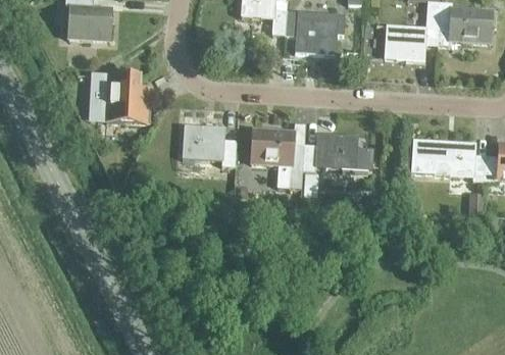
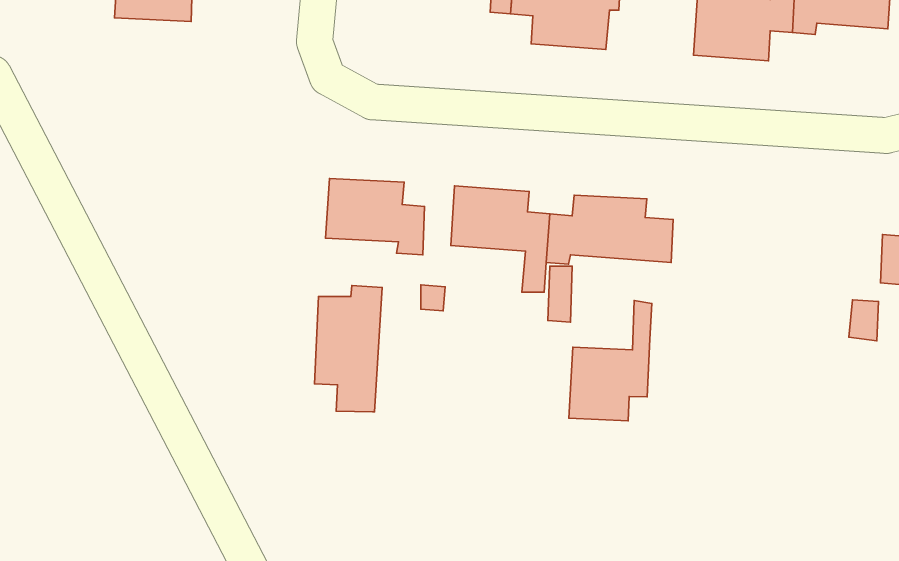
building: [90,72,148,121] -> none
building: [411,140,487,182] -> none
building: none -> [315,286,382,412]
building: none -> [569,301,652,421]

